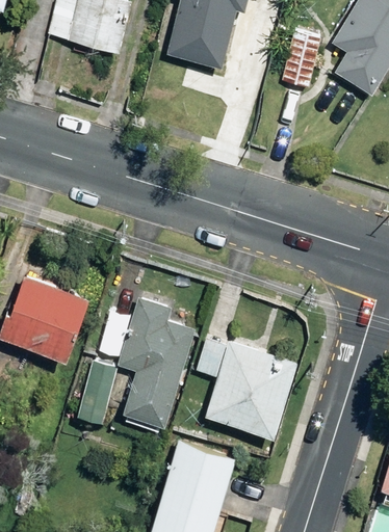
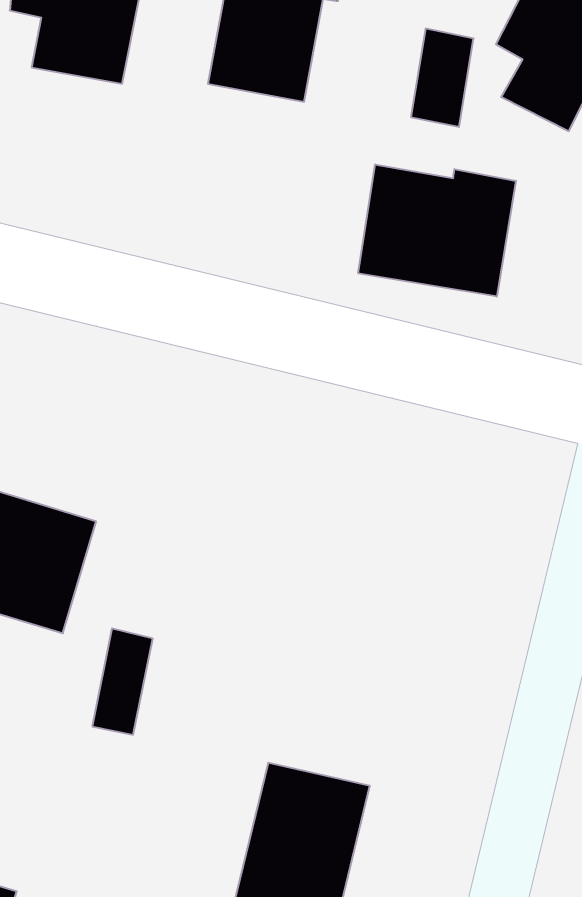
building: none -> [358,164,516,297]
building: [118,299,196,429] -> none
building: [205,341,296,440] -> none

